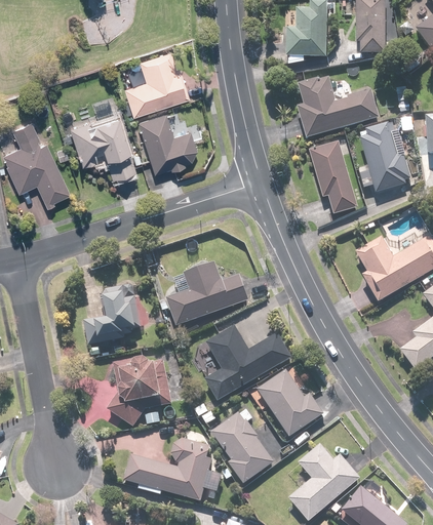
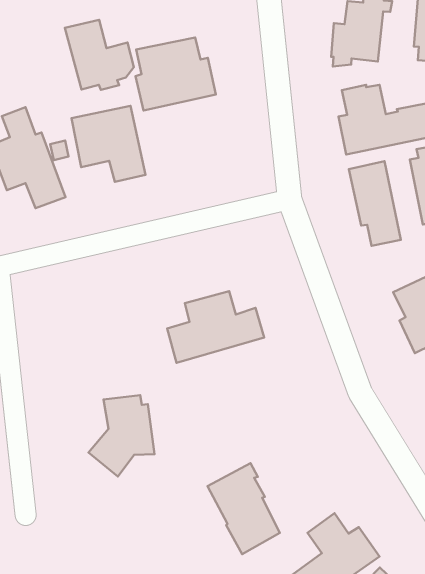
building: [135,111,197,171] -> [65,20,134,90]
building: [82,283,144,345] -> none
building: [204,324,291,400] -> none
building: [258,369,324,436] -> none
building: [125,438,222,499] -> none

